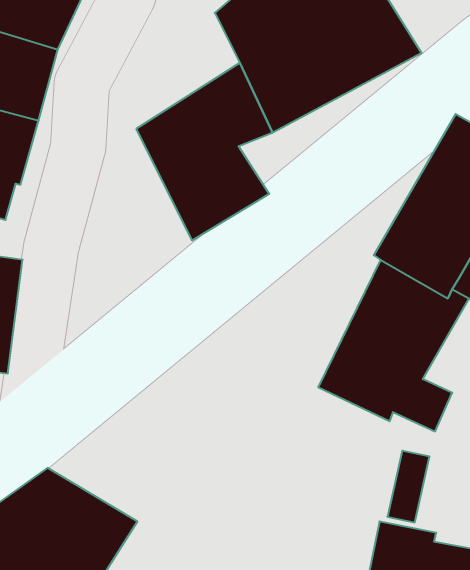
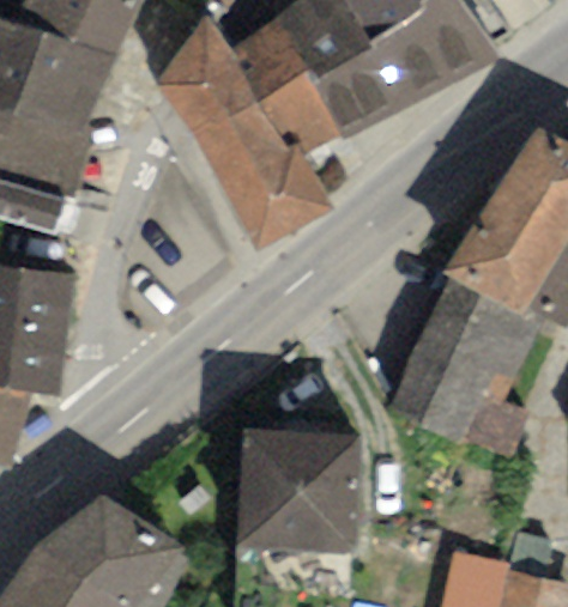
building: none -> [157,16,303,139]
building: none -> [238,430,357,551]

